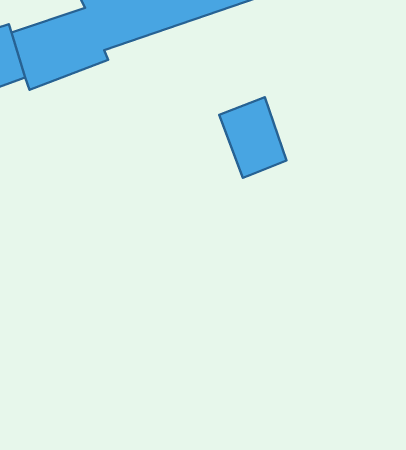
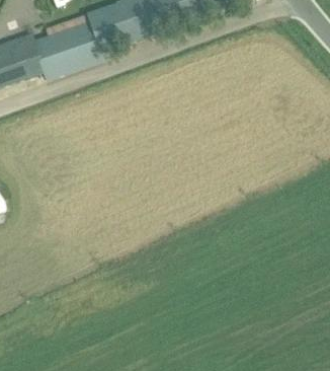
building: [219,97,286,178] -> none

